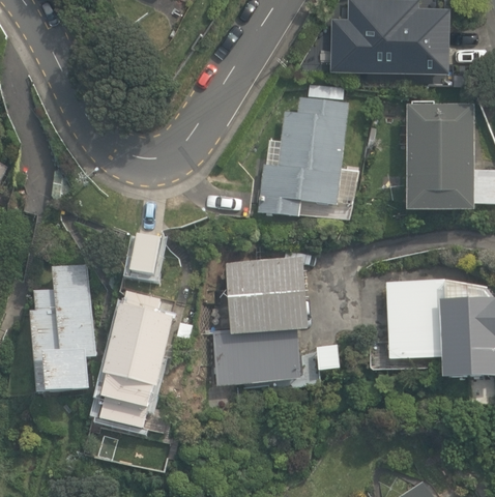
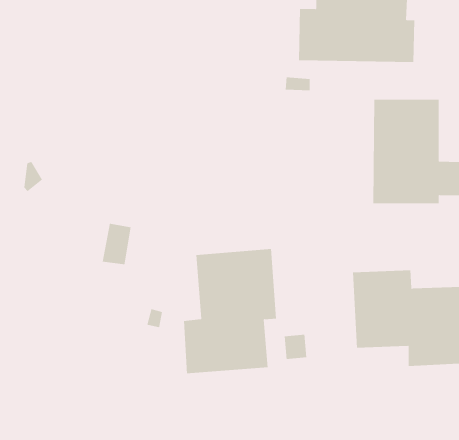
building: [257,97,348,217] -> none
building: [30,264,96,393] -> none
building: [99,291,172,428] -> none

